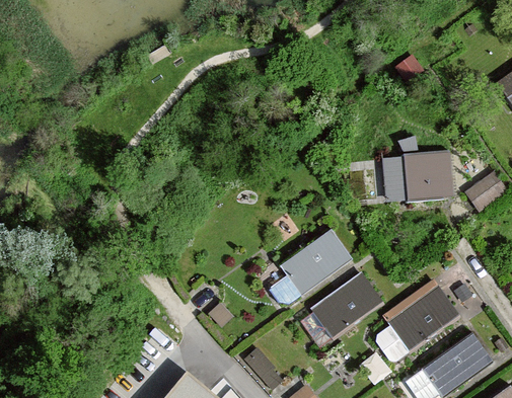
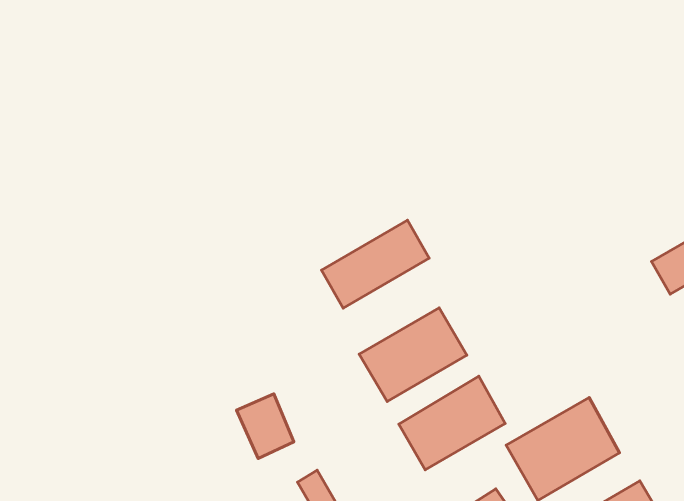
building: [379,152,449,204] -> none
building: none -> [321,220,429,308]

